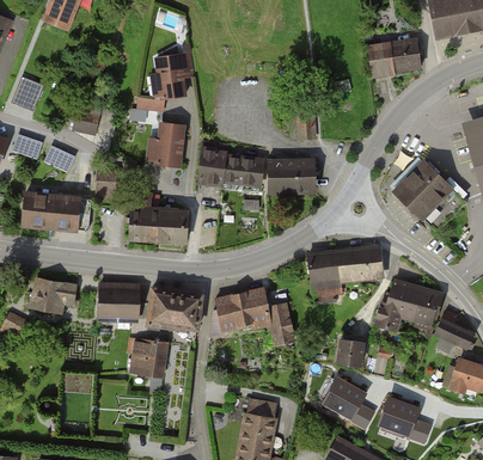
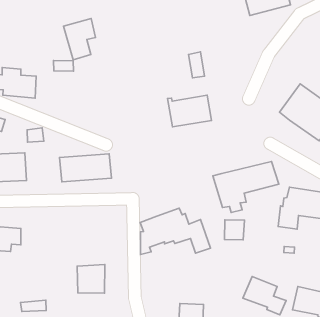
building: [148,124,187,165] -> none
building: [198,143,264,184] -> none
building: [97,284,139,320] -> none
building: [147,288,202,329] -> none
building: [337,339,363,366] -> [224,220,245,240]

